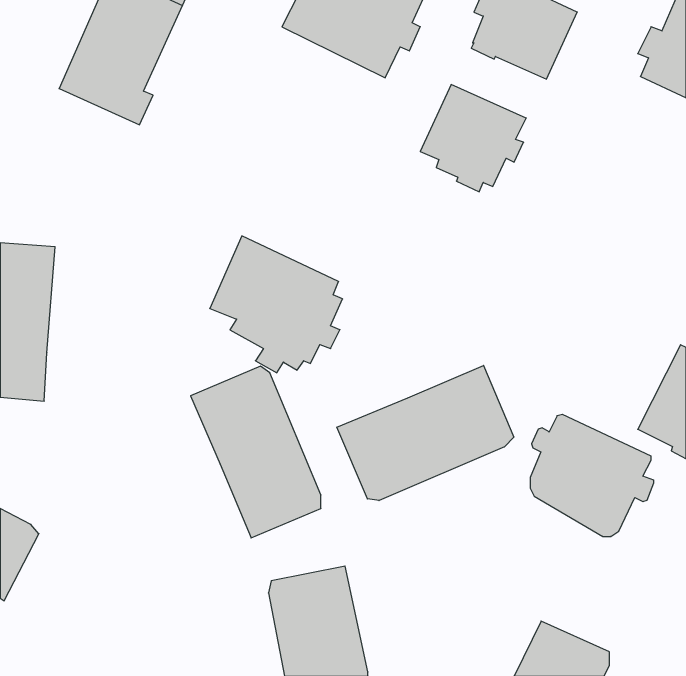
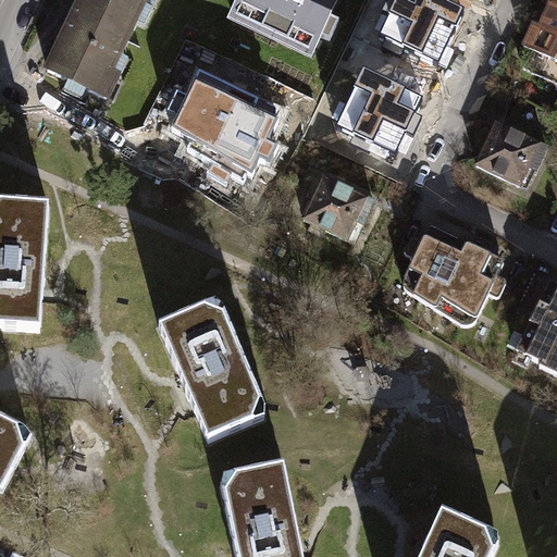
building: none -> [474,119,547,185]
building: none -> [302,175,371,240]
building: [210,236,343,373] -> [174,70,282,181]
building: [337,365,514,501] -> none
building: [530,414,654,536] -> [404,222,504,321]

